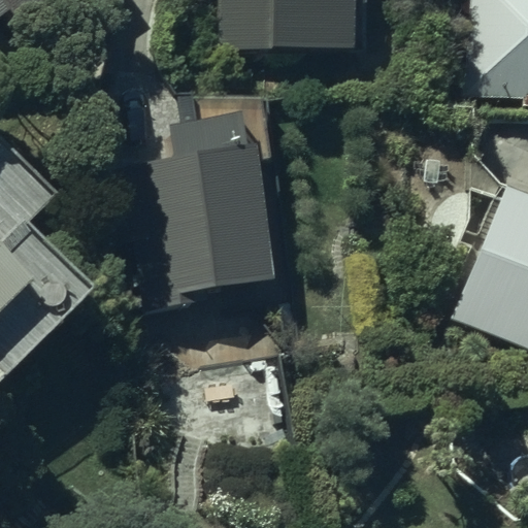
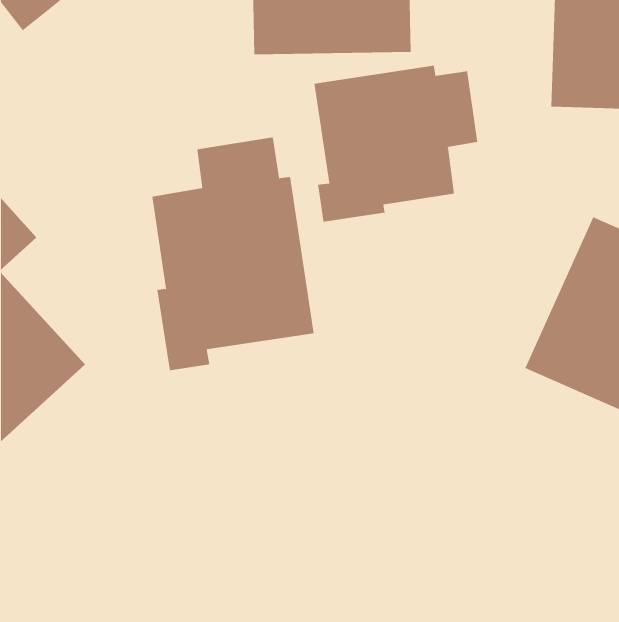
building: none -> [314,65,478,222]

